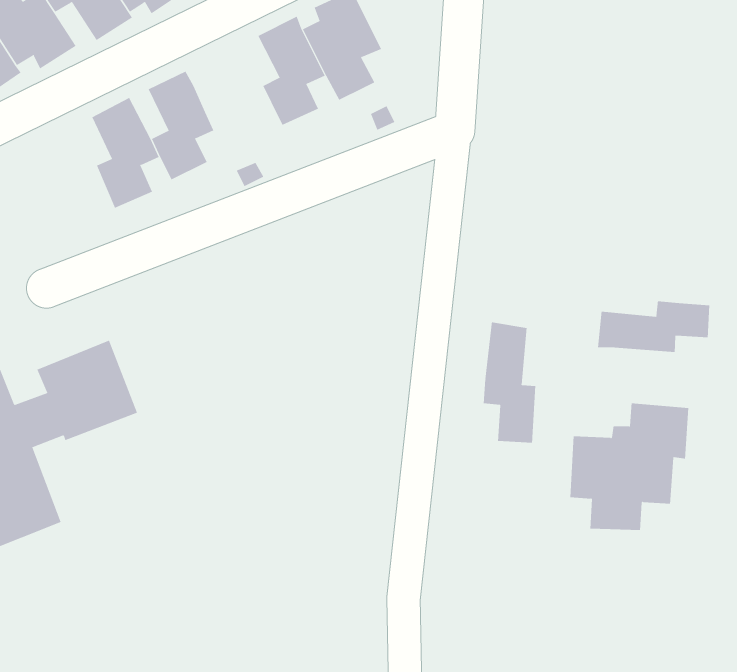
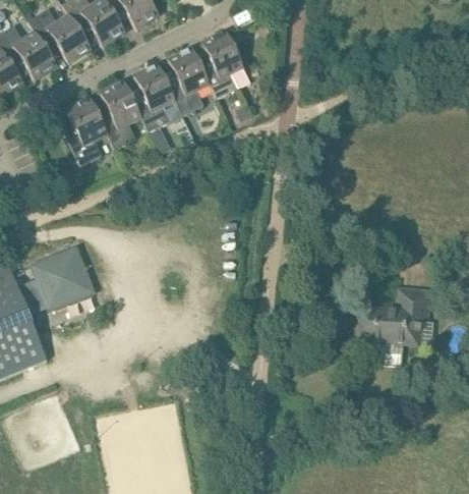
building: none -> [133,64,175,131]
building: [598,301,710,353] -> none
building: [483,321,536,444] -> none

